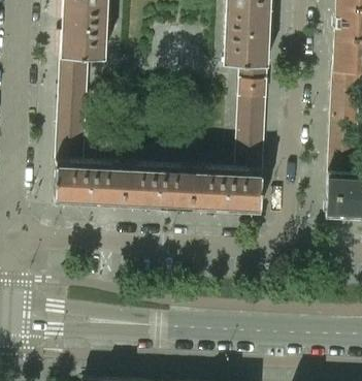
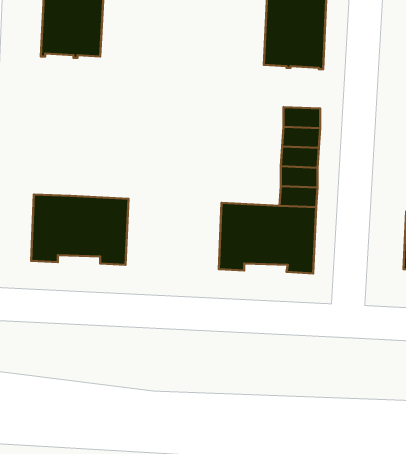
building: [56,58,88,162] -> none
building: [238,67,267,98] -> none
building: [123,164,193,216] -> none

